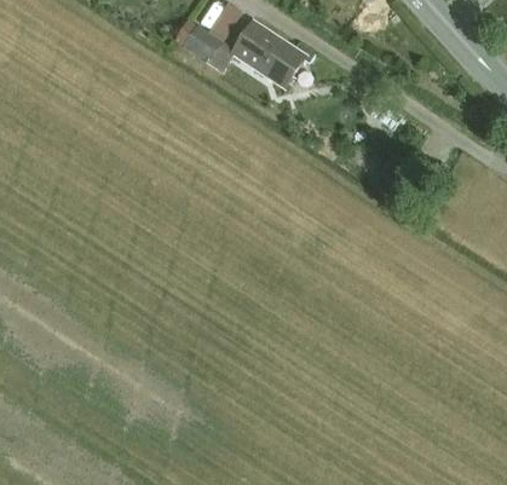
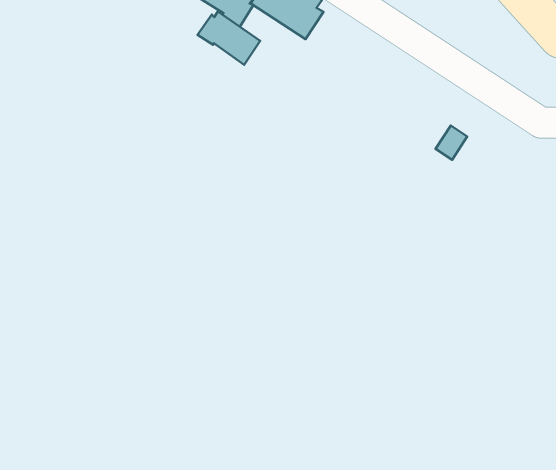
building: none -> [198,12,260,65]

